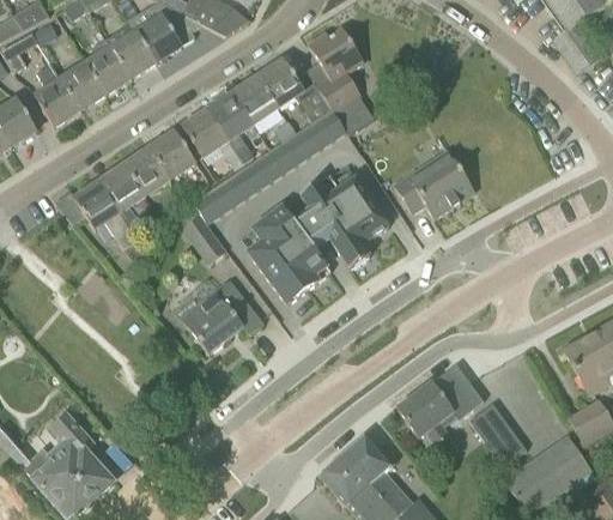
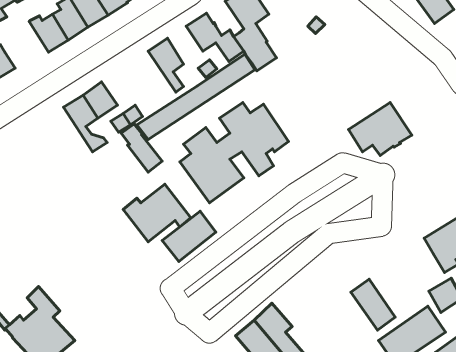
building: [34,62,80,126] -> none
building: [233,75,279,125] -> none
building: [183,108,244,168] -> none
building: [148,131,194,177] -> none
building: [394,149,475,217] -> [348,103,412,156]
building: [74,180,148,264] -> none
building: none -> [162,211,216,262]
building: [396,363,484,456] -> none

